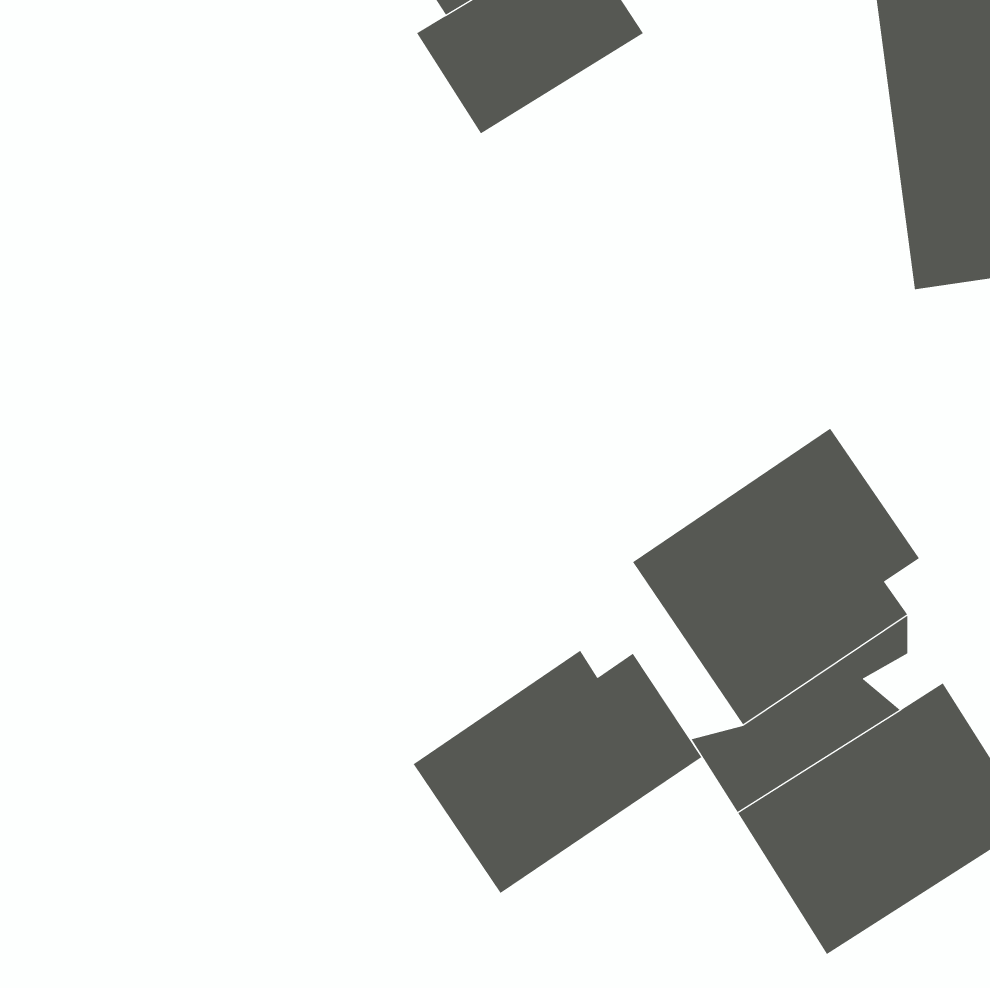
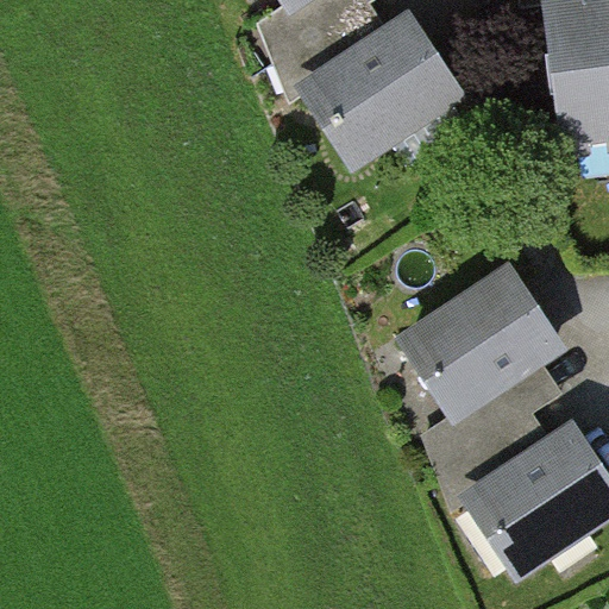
building: none -> [296,8,467,164]
building: [413,650,702,894] -> none

